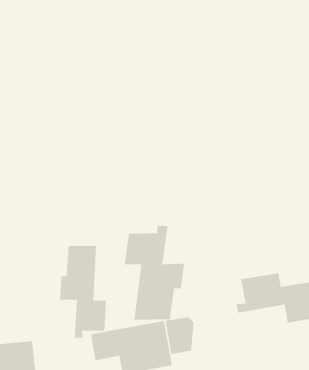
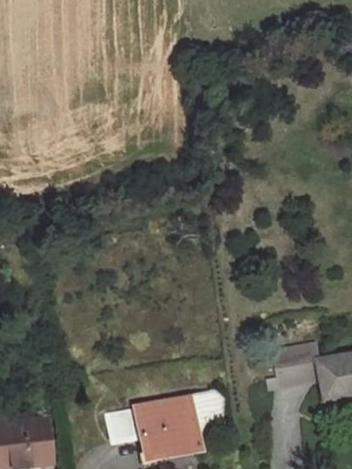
building: [124,225,185,321] -> none
building: [59,245,107,339] -> none

